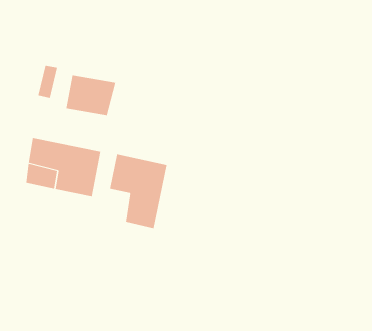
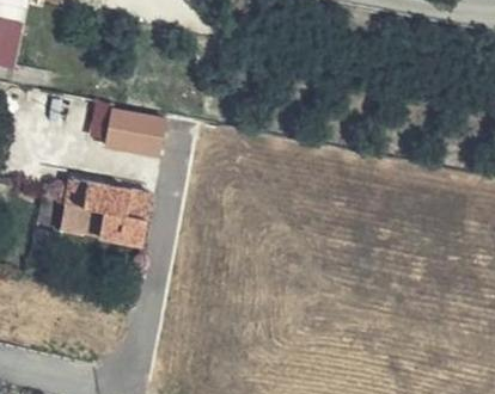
building: [109,154,167,229] -> none

